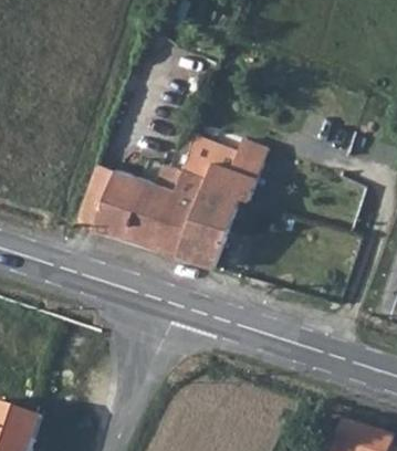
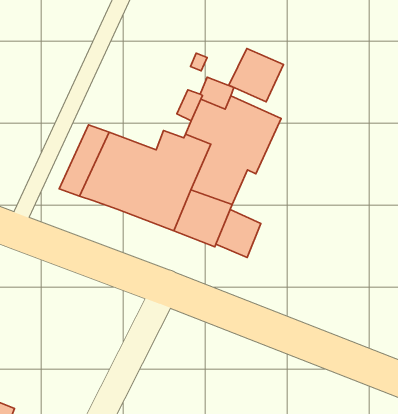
building: none -> [229,49,283,102]
building: none -> [216,209,261,258]

